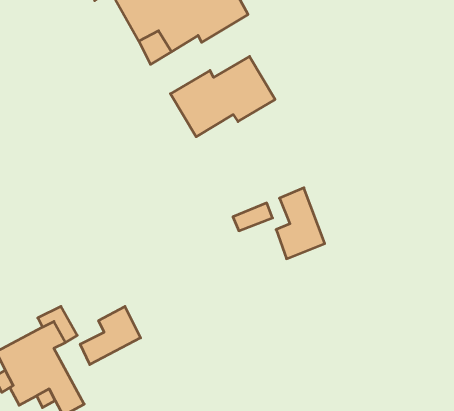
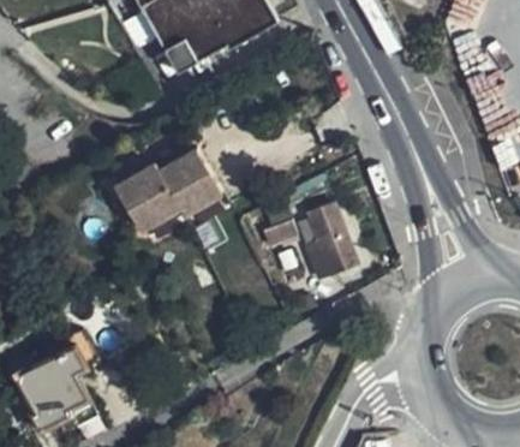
building: [170,56,275,137] -> [114,147,222,230]
building: [80,306,141,365] -> none

